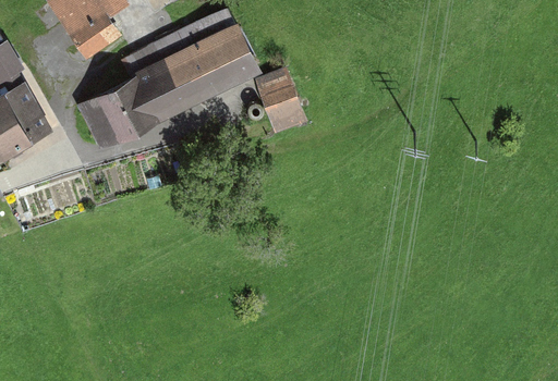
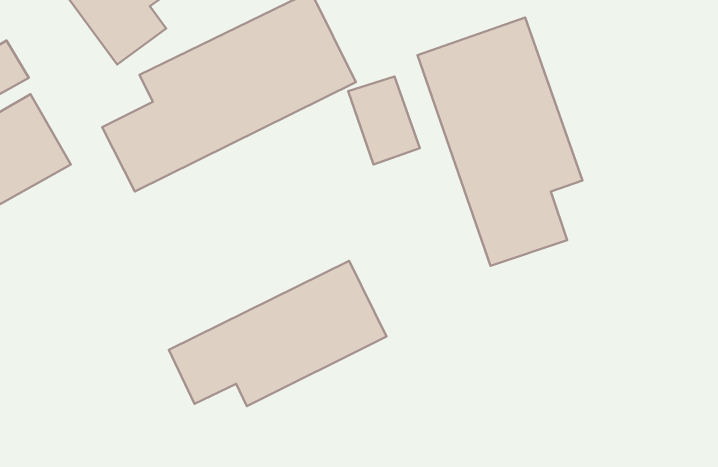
building: none -> [418,18,583,266]
building: none -> [169,261,386,406]

